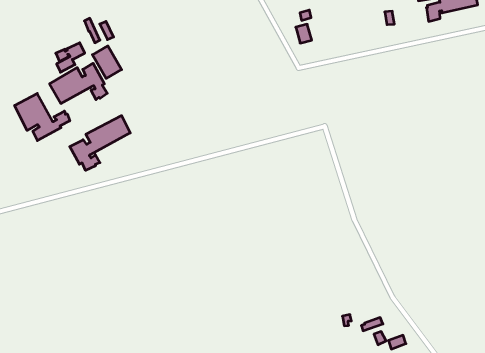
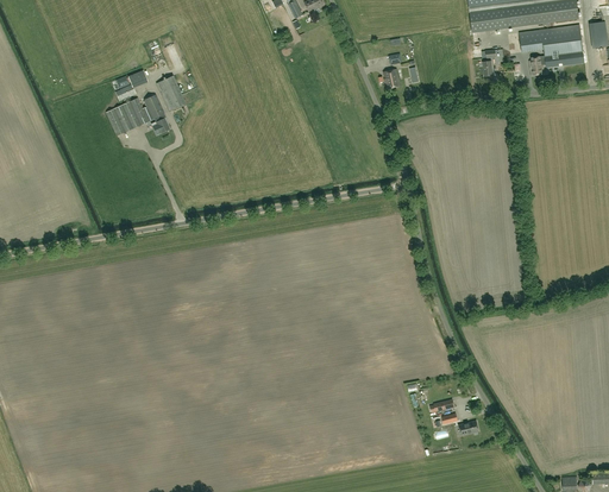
building: [15,93,70,141] -> none
building: [70,116,130,170] -> none

